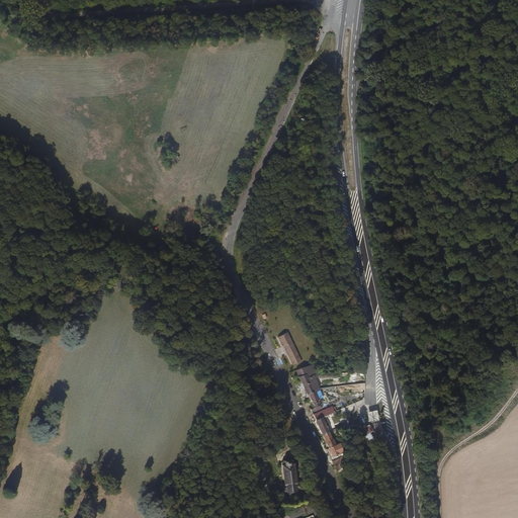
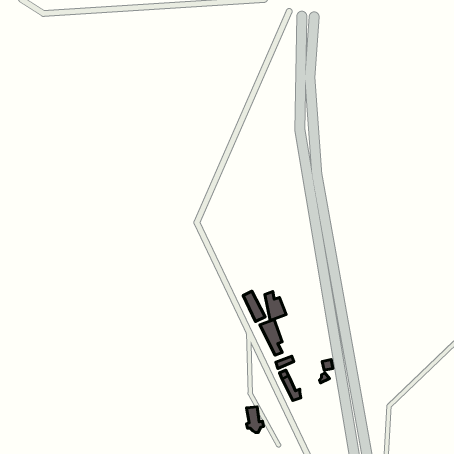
building: none -> [265,292,286,320]

